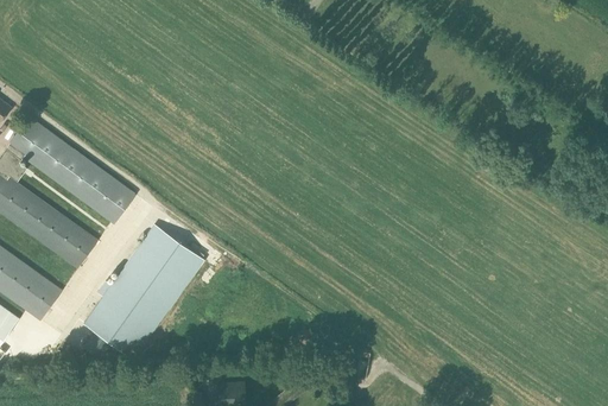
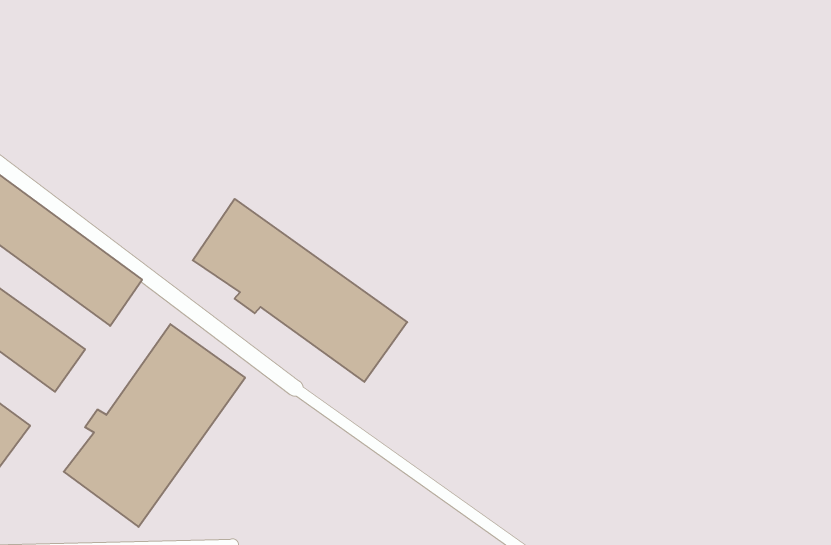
building: none -> [193,199,407,382]

